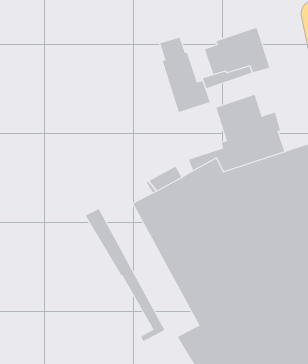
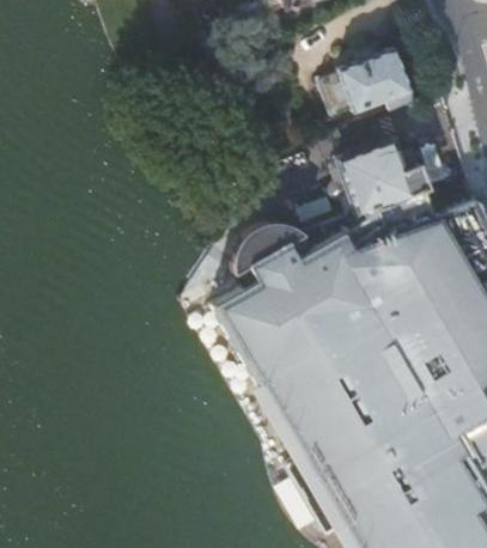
building: [159,37,210,113] -> none
building: [85,208,165,342] -> [208,288,317,469]

